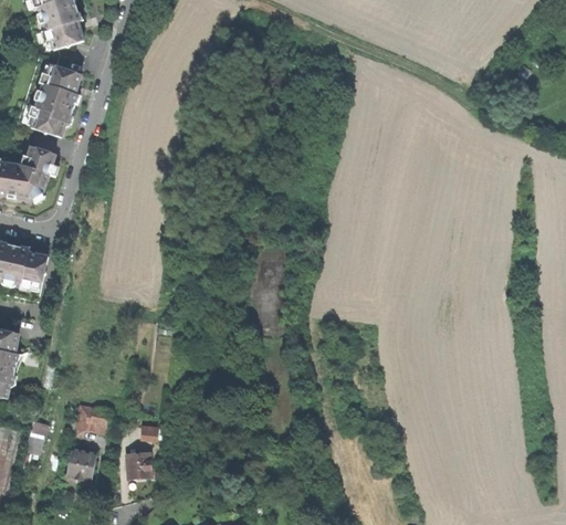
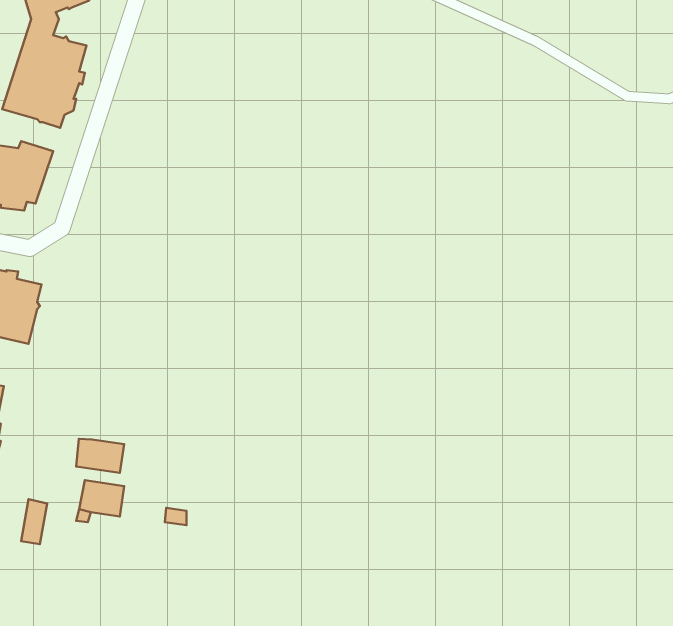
building: none -> [76,439,124,473]
building: [65,449,96,483] -> none
building: [125,451,150,479] -> none

